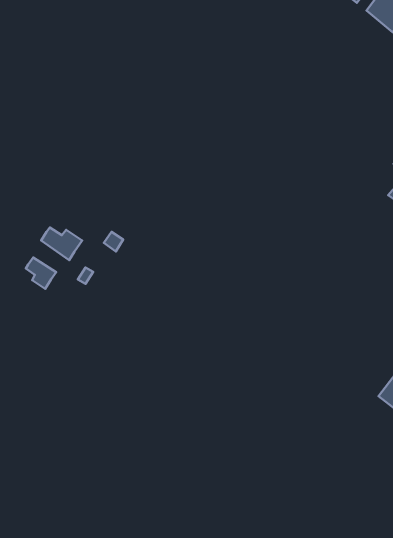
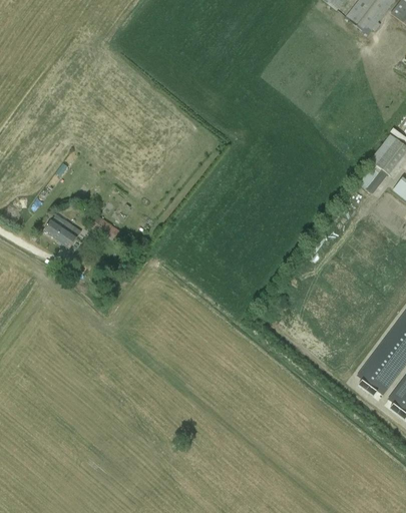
building: [26,257,56,289] -> none

